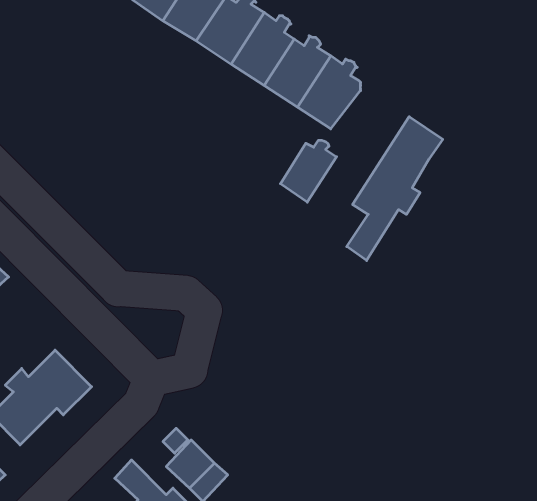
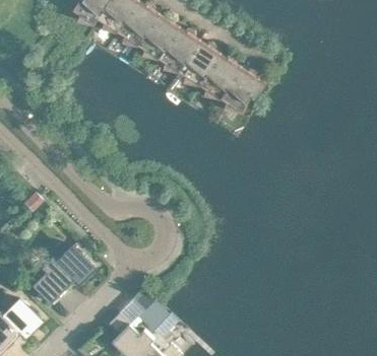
building: [347,117,443,261] -> none
building: [280,140,337,202] -> none

